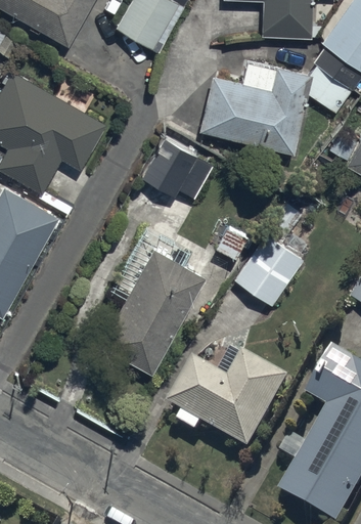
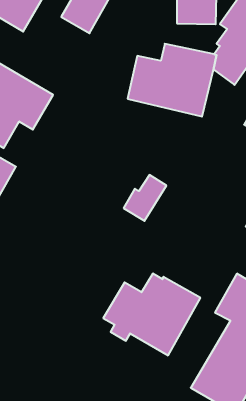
building: [140,137,212,200] -> none
building: [100,225,206,375] -> none
building: [233,231,306,305] -> none

